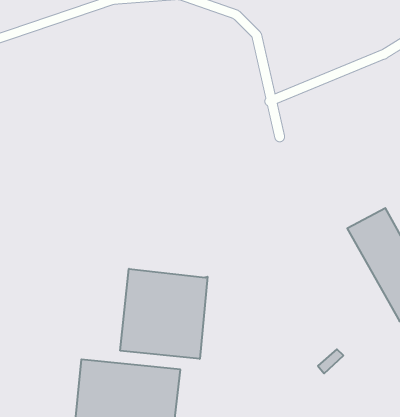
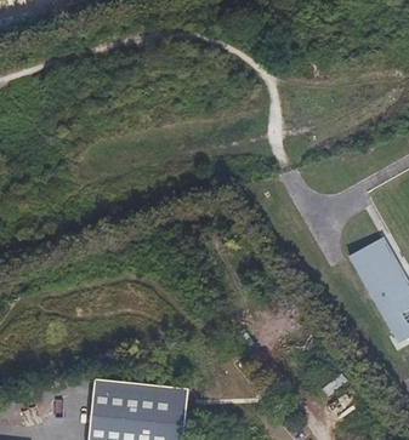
building: [120,269,207,359] -> none

